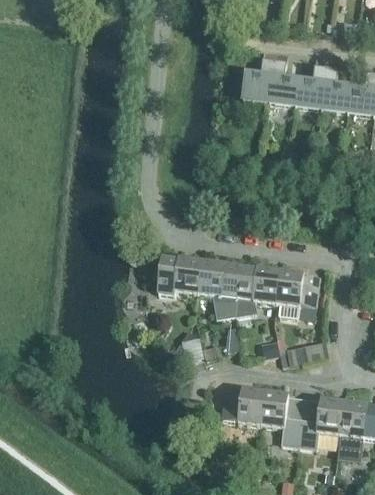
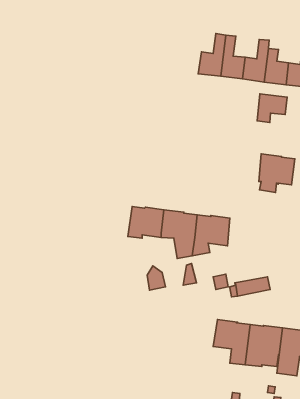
building: none -> [257,94,287,123]
building: [278,271,321,317] -> [259,154,295,192]
building: [223,388,266,424] -> none

